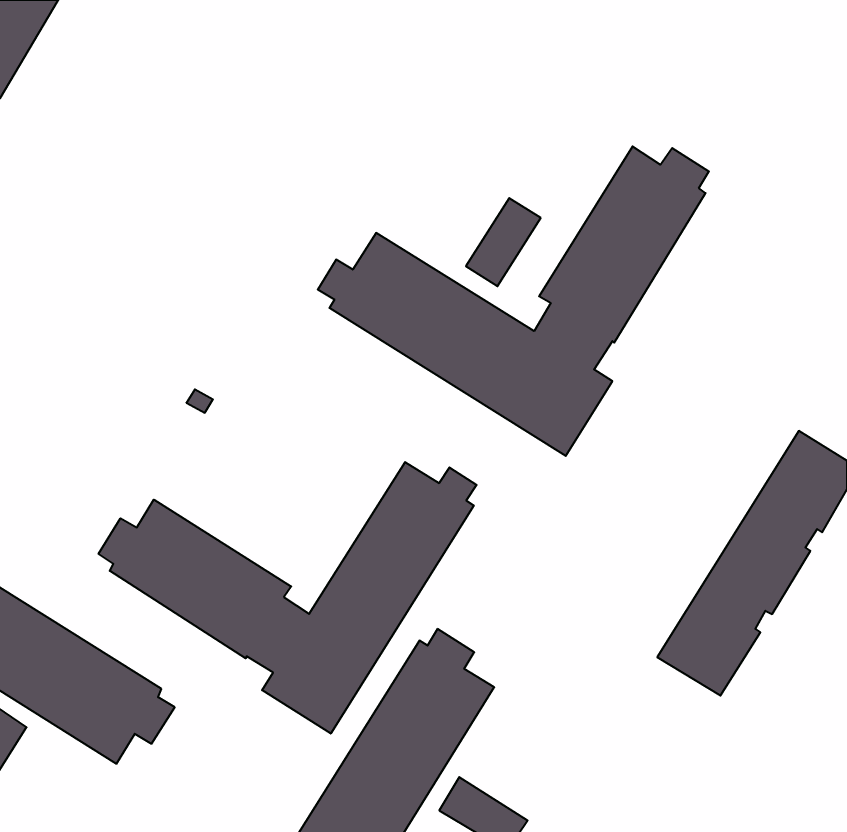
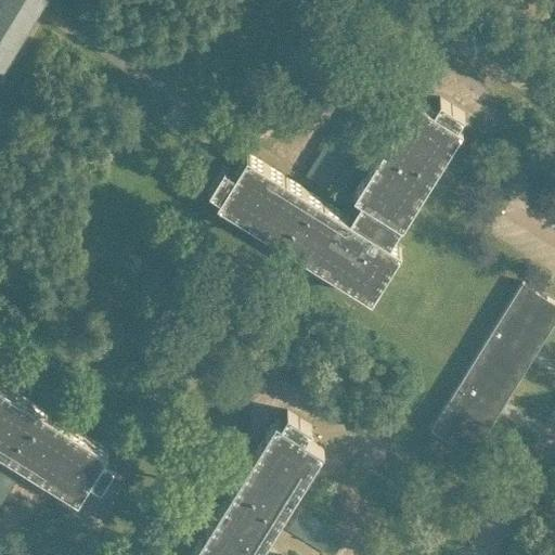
building: [99,462,477,734] -> none

